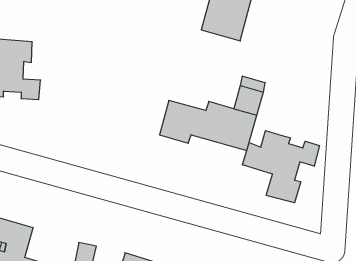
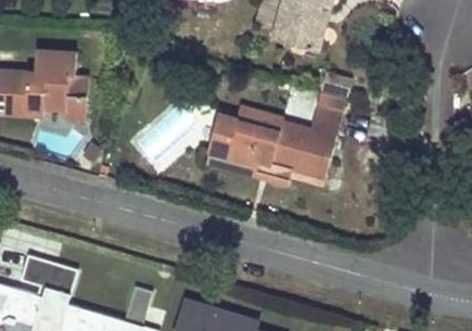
building: [243,131,319,203] -> none

